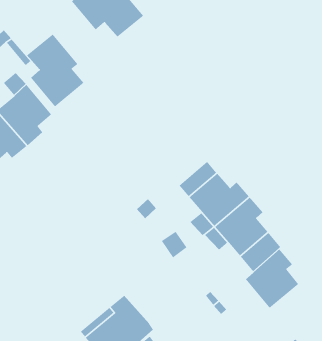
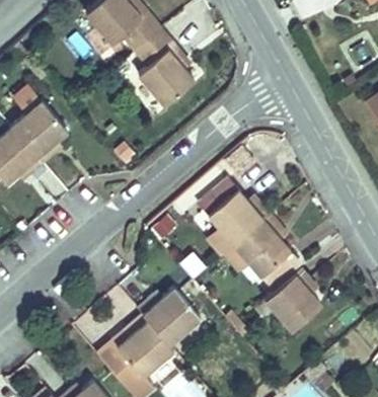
building: [26,33,85,107] -> [134,28,194,104]
building: none -> [136,289,197,344]

